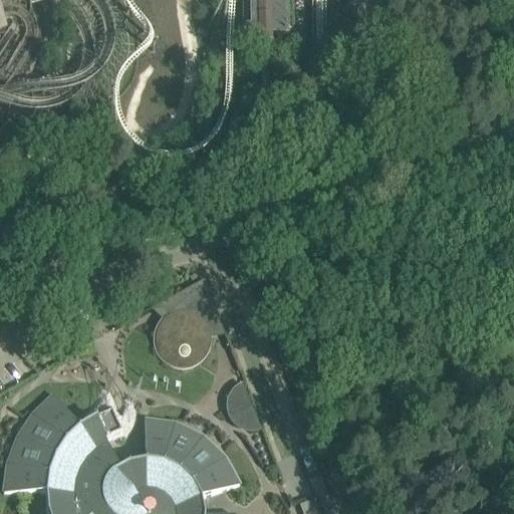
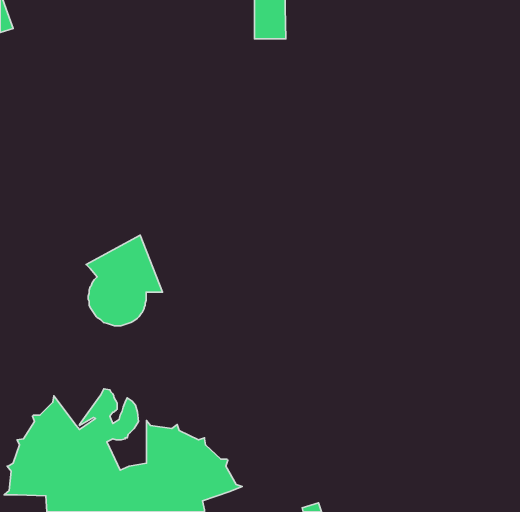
building: [150,278,225,367] -> [86,235,162,326]
building: [226,380,260,429] -> none

